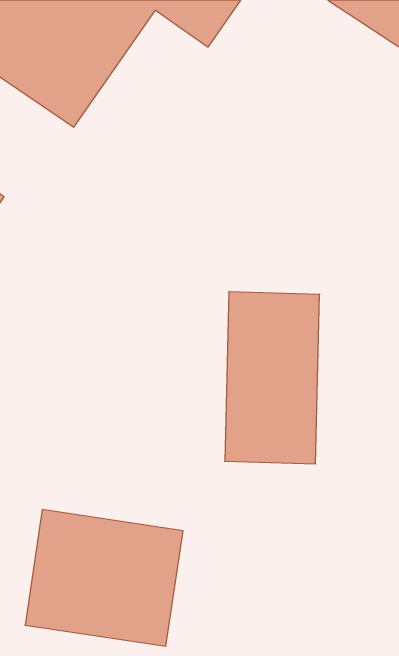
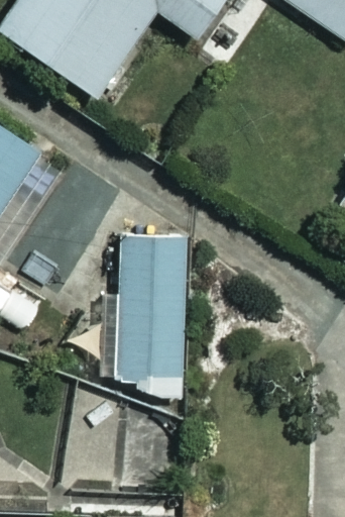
building: [225,292,320,464] -> [116,240,189,373]

